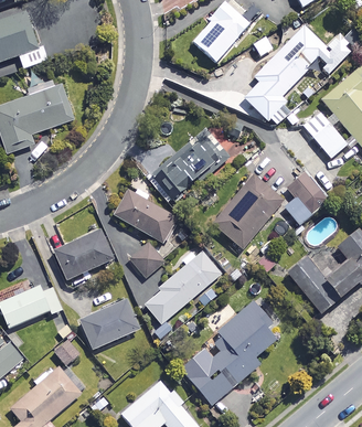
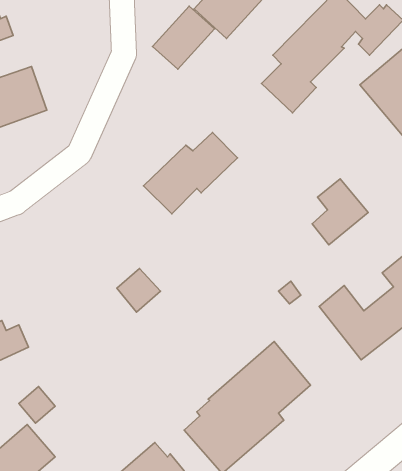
building: none -> [153,6,214,69]
building: [302,110,347,157] -> none
building: [213,174,284,249] -> none
building: [116,186,175,242] -> none
building: [54,229,114,280] -> none
building: [145,246,224,323] -> none
building: [81,299,139,349] -> none

